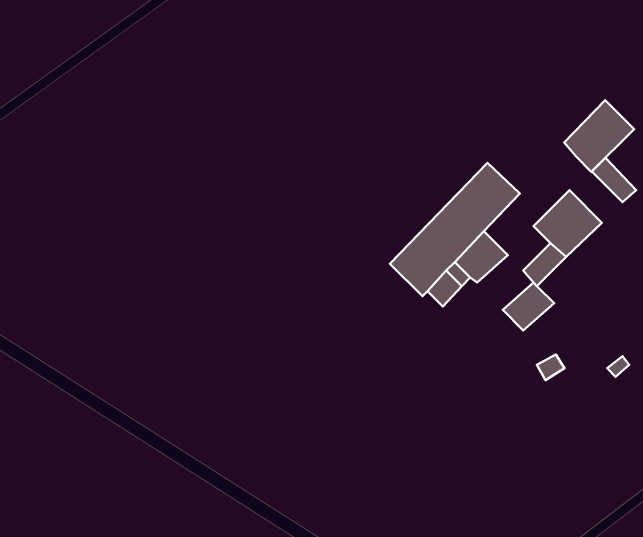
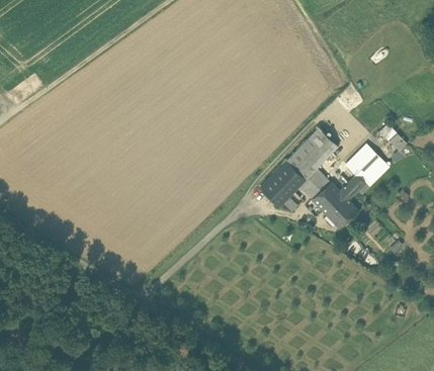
building: [564,100,634,172] -> none
building: none -> [312,182,345,214]

